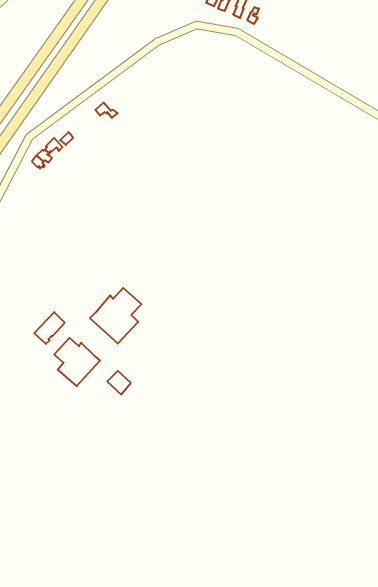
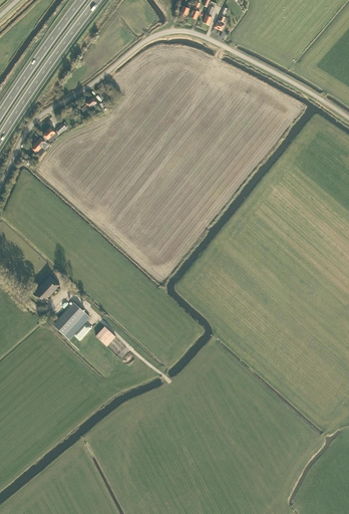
building: [90,288,141,344] -> none

